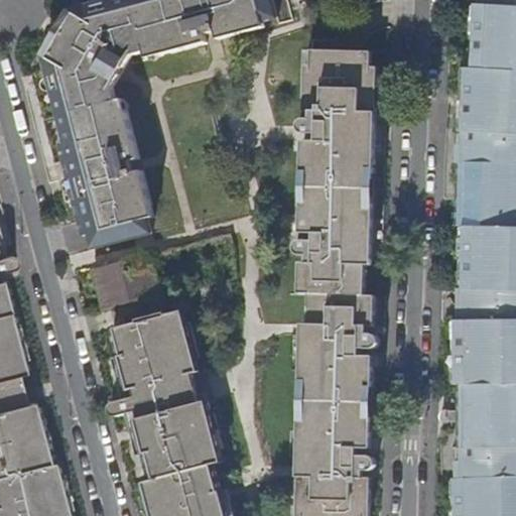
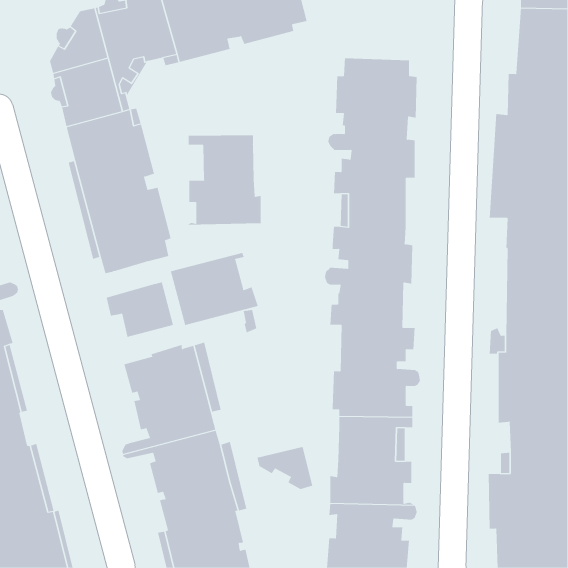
building: none -> [186,135,261,225]
building: none -> [170,252,259,326]
building: none -> [257,446,313,490]

